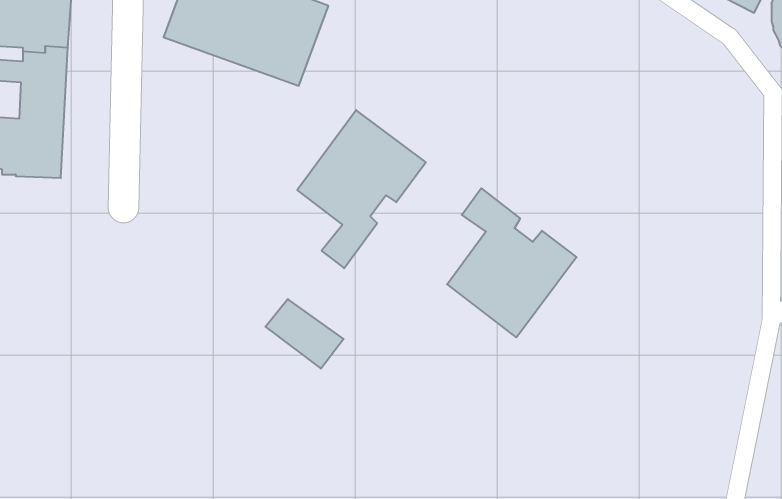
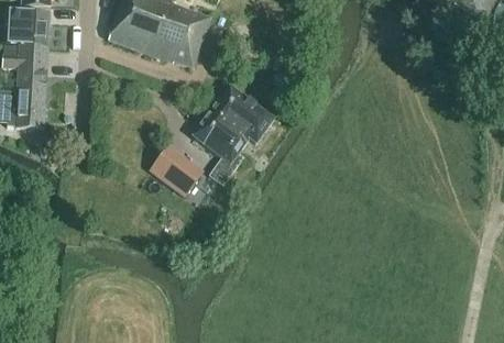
building: [447,188,577,337] -> none
building: [265,299,344,369] -> [150,151,199,195]

